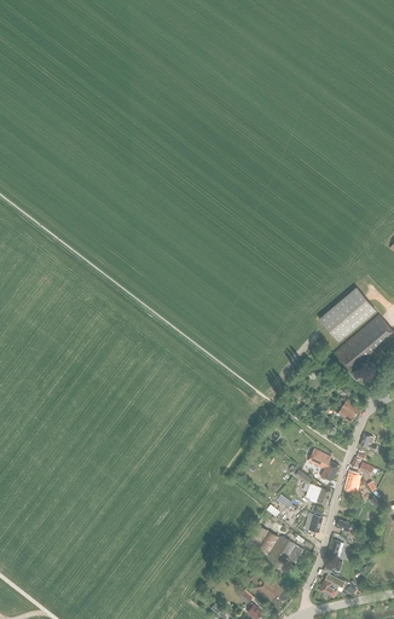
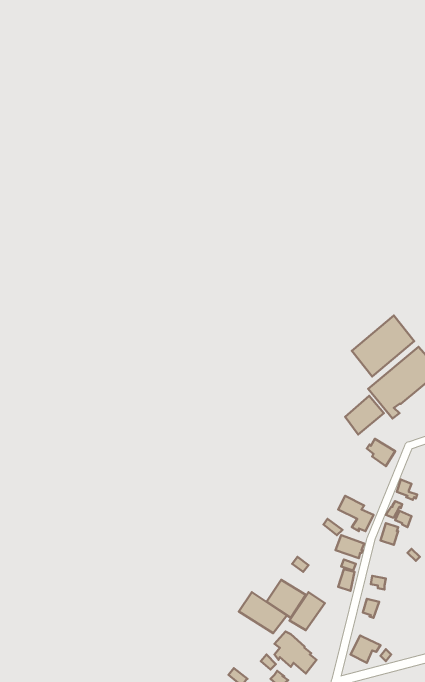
building: none -> [345,396,384,434]
building: none -> [239,592,287,633]

